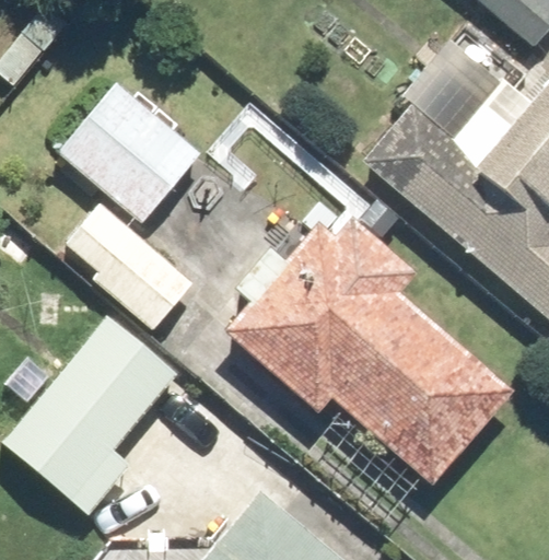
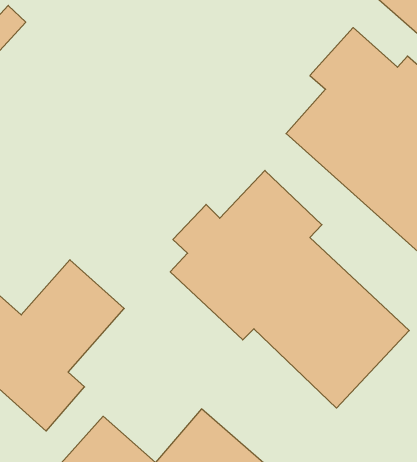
building: [54,82,199,228] -> none
building: [63,206,192,334] -> none

